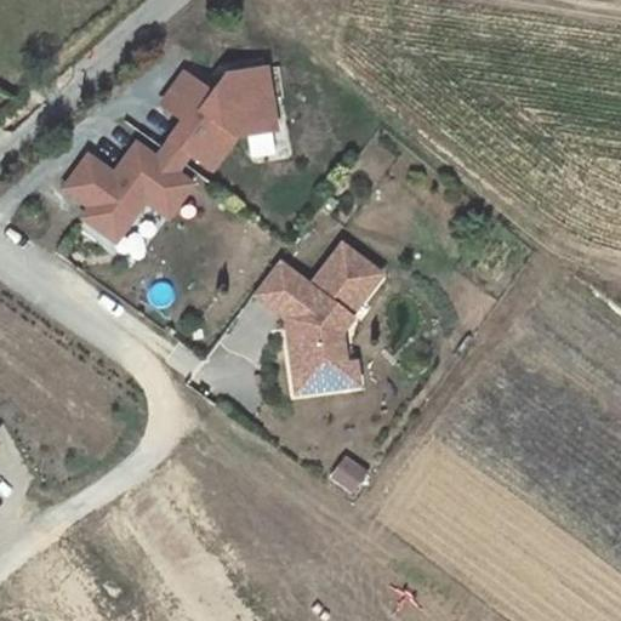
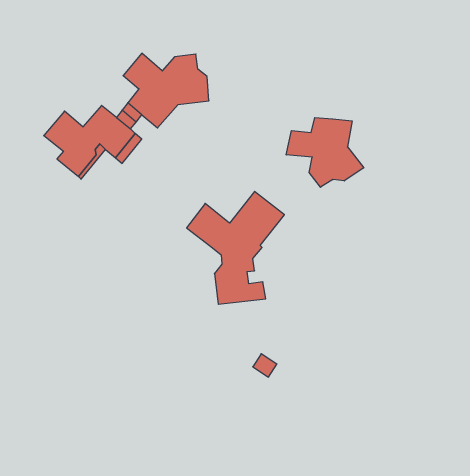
building: none -> [286,118,364,187]

